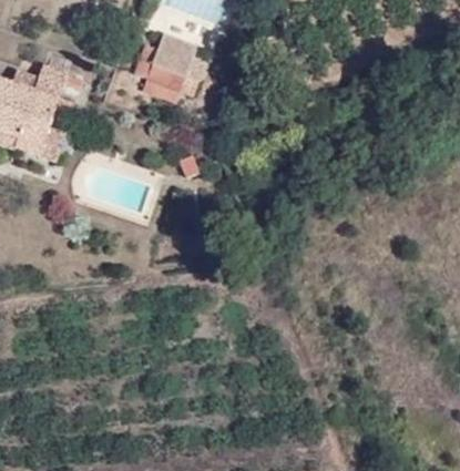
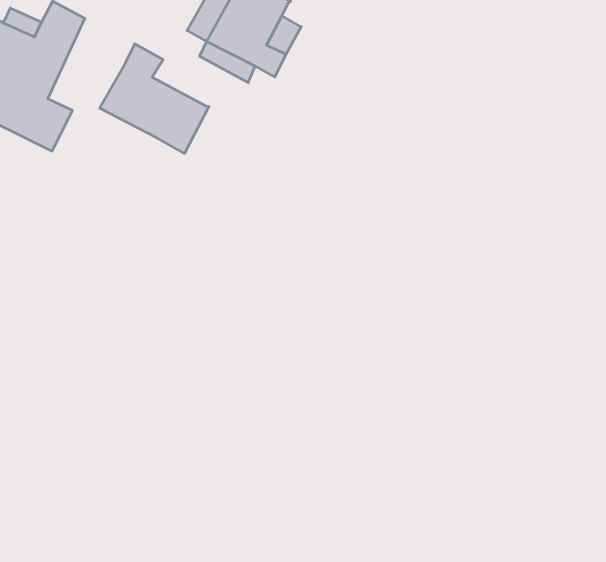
building: none -> [100,44,209,153]

